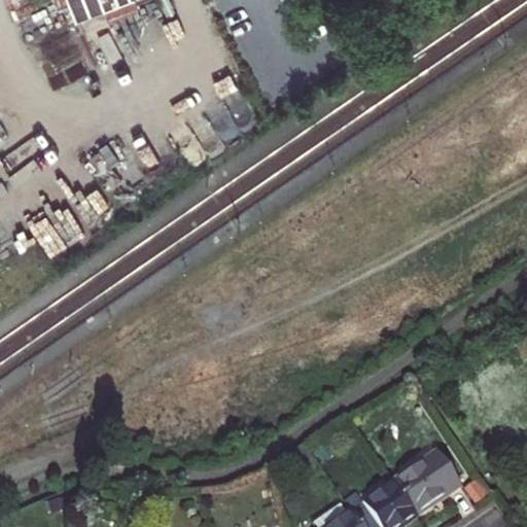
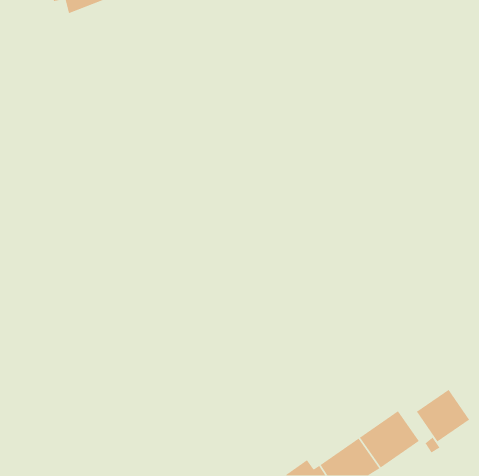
building: none -> [416,389,470,443]

